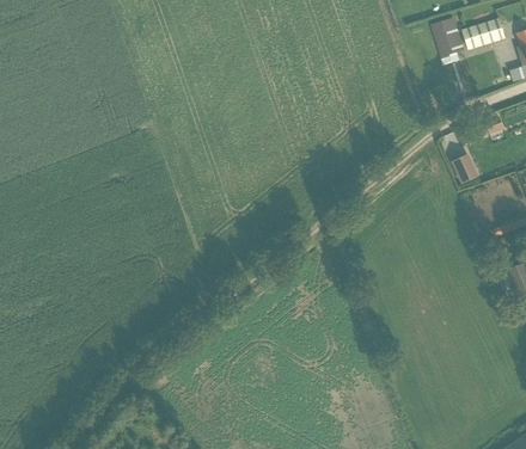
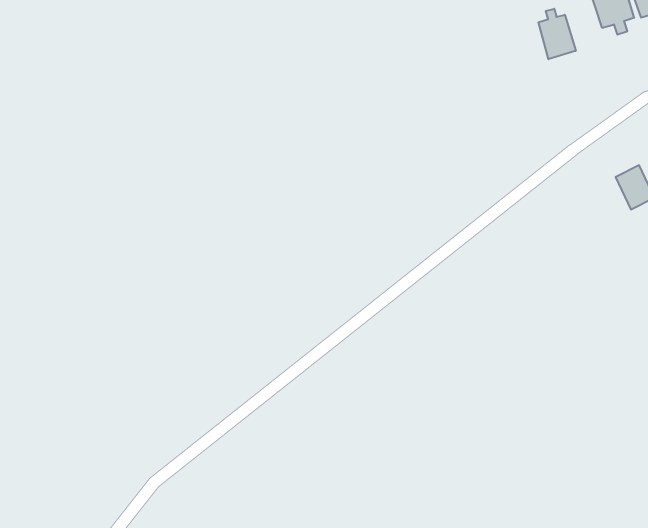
building: none -> [538,9,576,59]

